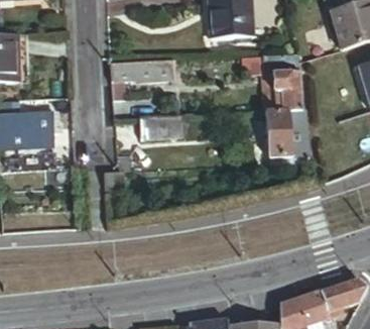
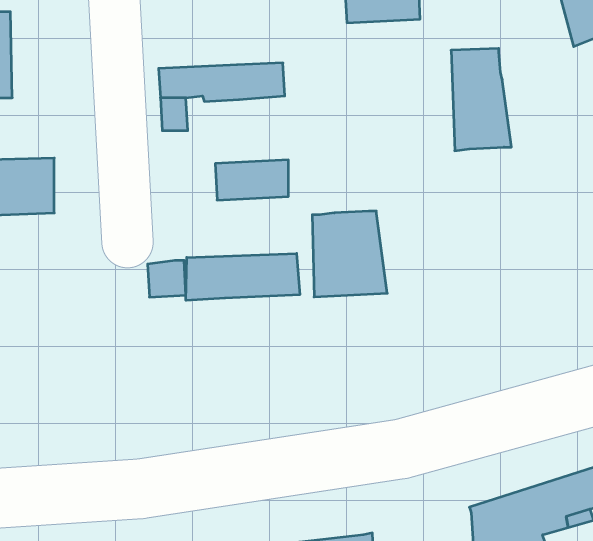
building: [269,107,311,154] -> [312,211,387,297]
building: none -> [186,253,300,300]

